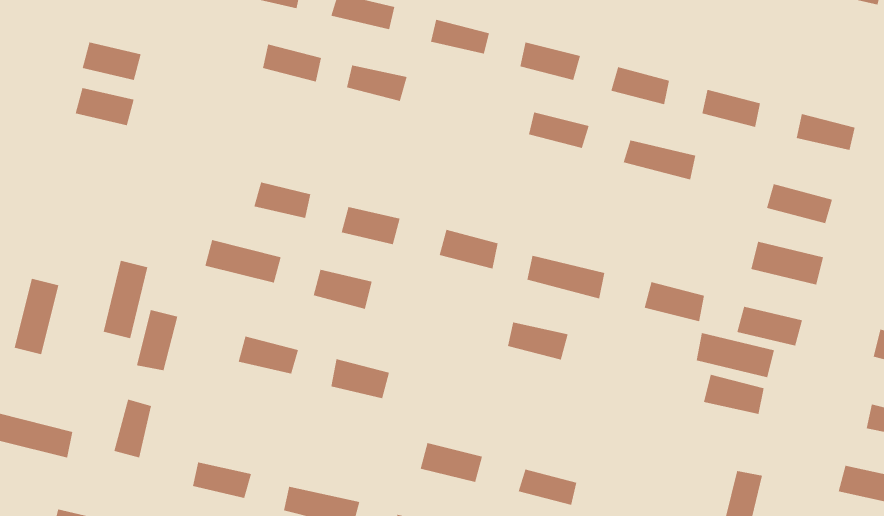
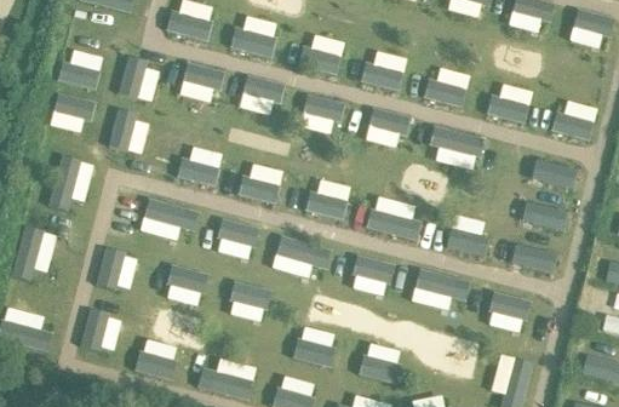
building: none -> [119,57,147,98]
building: none -> [304,94,344,122]
building: none -> [108,109,136,150]
building: [103,260,148,339] -> [48,155,80,210]
building: none -> [275,236,331,269]
building: [696,333,775,378] -> [415,270,470,302]

